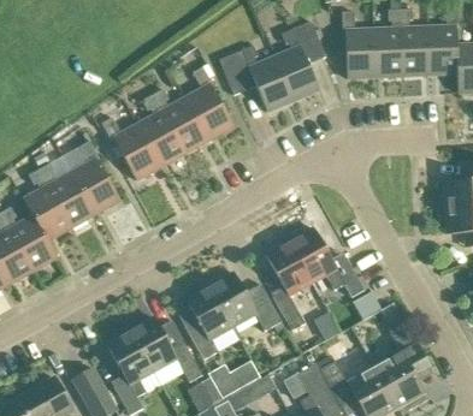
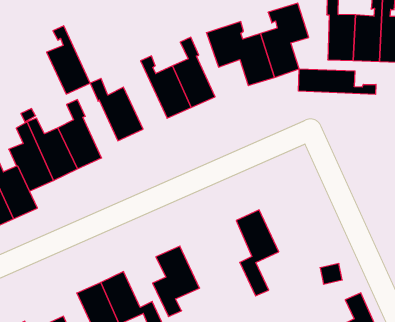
building: none -> [299,69,376,94]
building: [137,95,185,166] -> [47,26,90,94]
building: [289,227,365,297] -> none
building: [209,272,282,331] -> none

